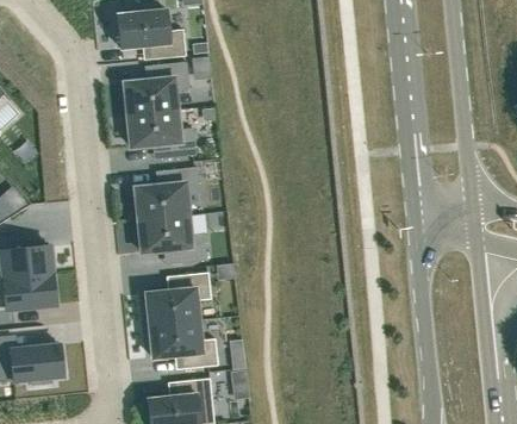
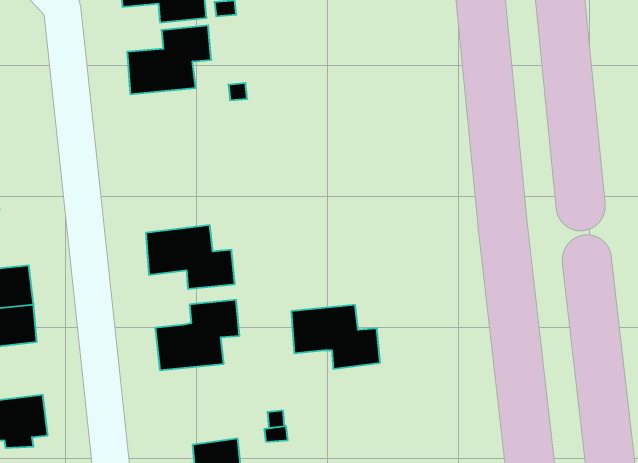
building: [126,108,195,157] -> none
building: [135,166,199,219] -> none
building: [149,319,217,368] -> [291,305,380,369]

